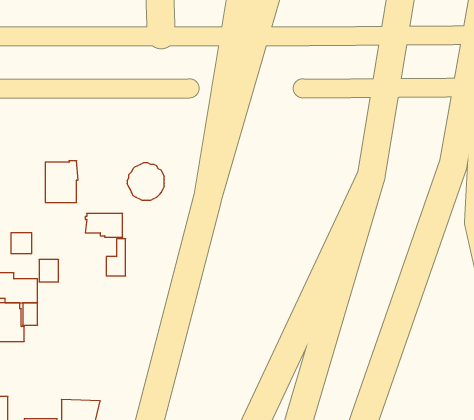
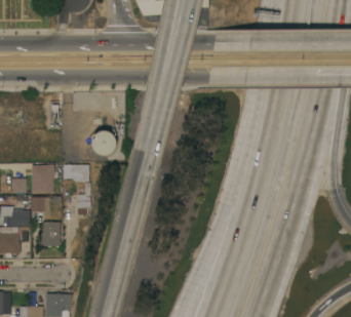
building: [45,161,78,202] -> [32,164,54,193]
building: none -> [40,223,60,246]

